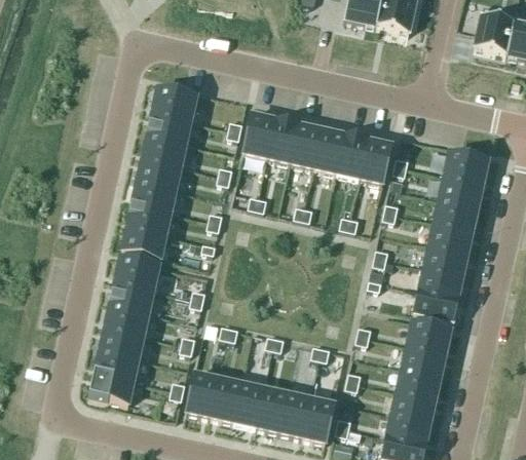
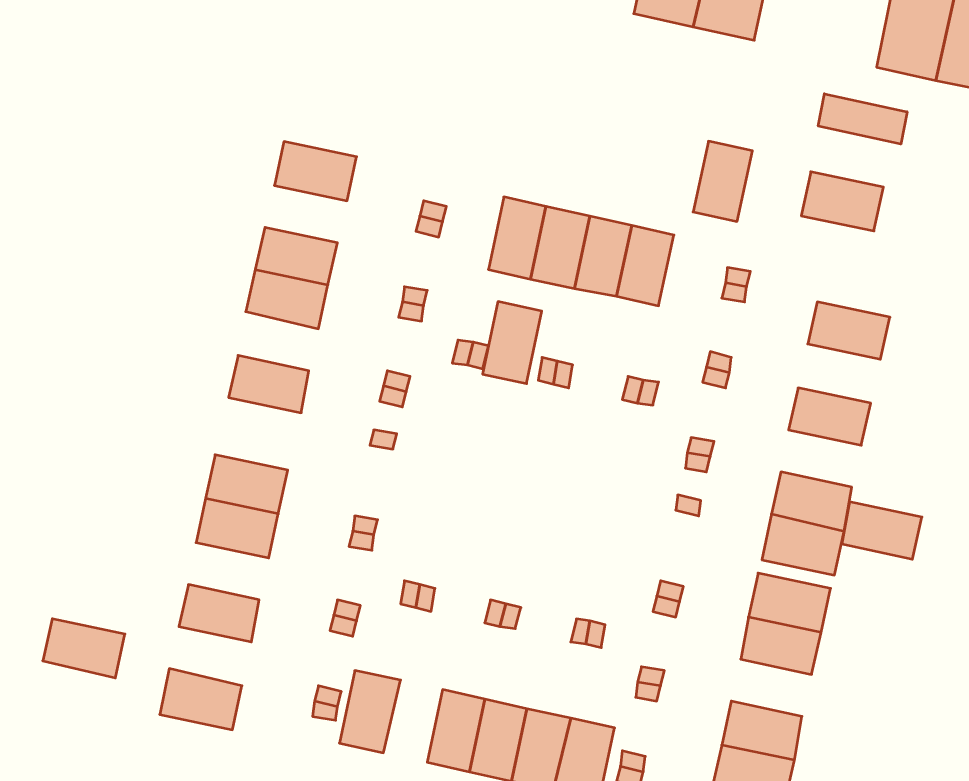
building: none -> [818,94,907,144]
building: [146,113,190,144] -> none
building: [242,114,274,158] -> [483,302,542,384]
building: [358,140,389,183] -> [693,141,752,221]
building: [443,152,487,184] -> [801,172,883,231]
building: [132,181,175,213] -> none
building: [433,198,477,230] -> none
building: [121,227,165,259] -> none
building: [423,244,466,275] -> [842,502,922,559]
building: [105,305,148,336] -> none
building: [95,350,139,382] -> [43,619,125,678]
building: [397,368,440,398] -> none
building: [210,379,241,423] -> none

